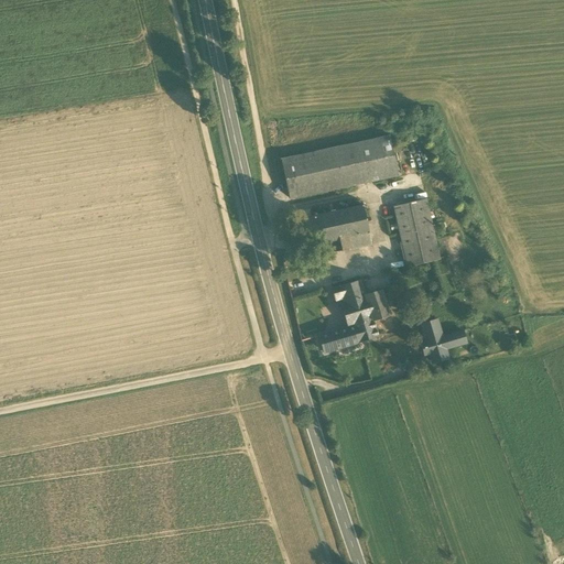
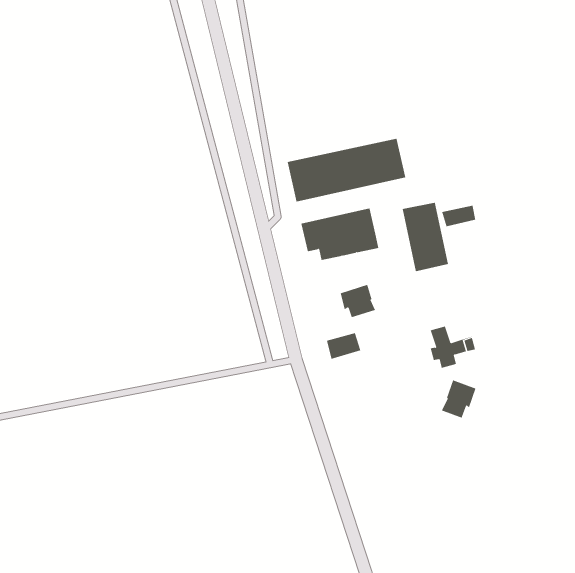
building: none -> [441,205,476,227]
building: [344,289,390,344] -> none
building: none -> [441,379,476,419]

